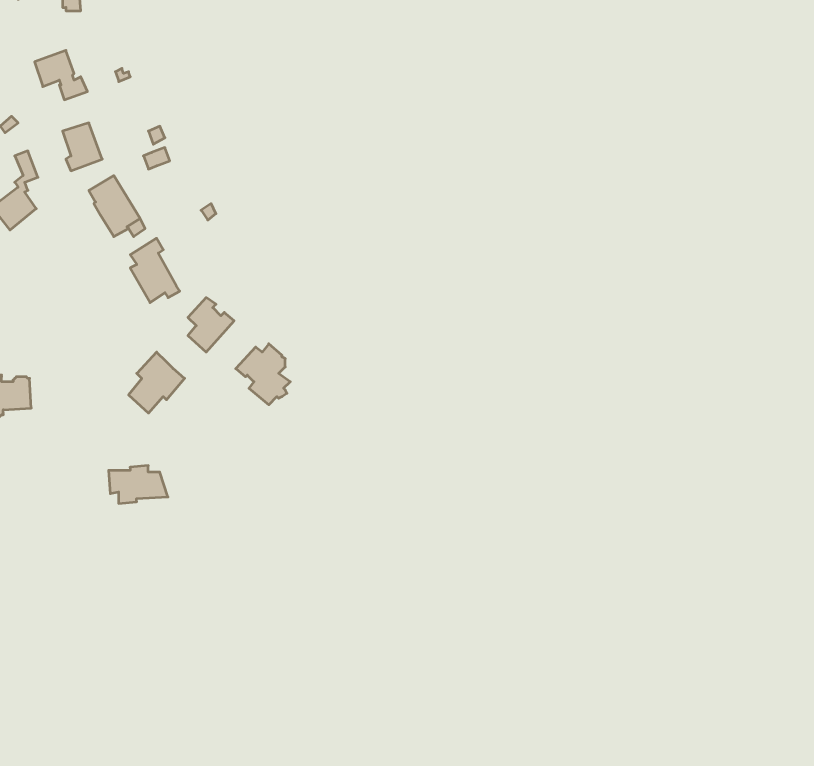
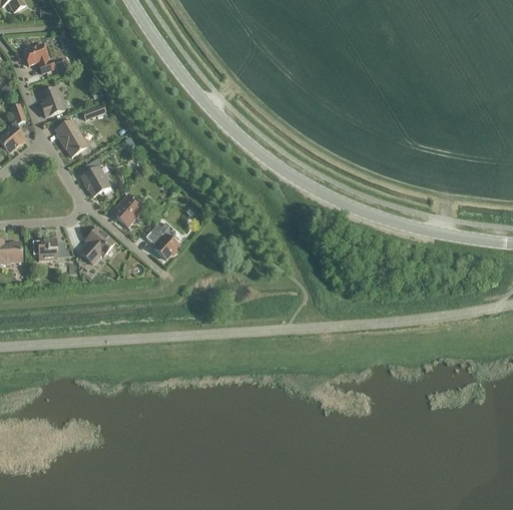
building: [109,466,168,503] -> [31,237,67,261]

